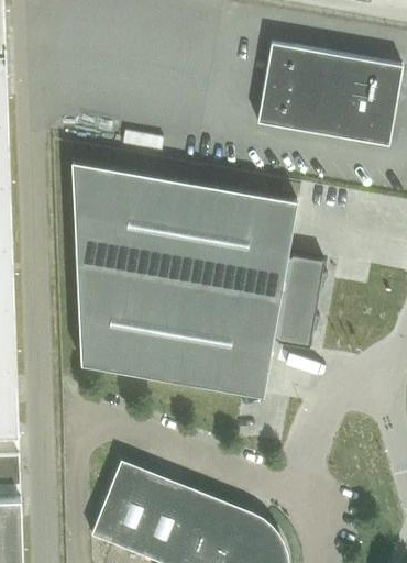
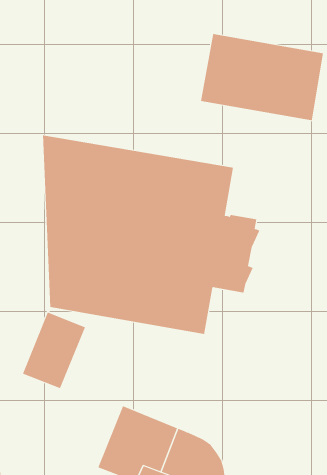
building: [90,461,165,552] -> [22,311,86,389]

